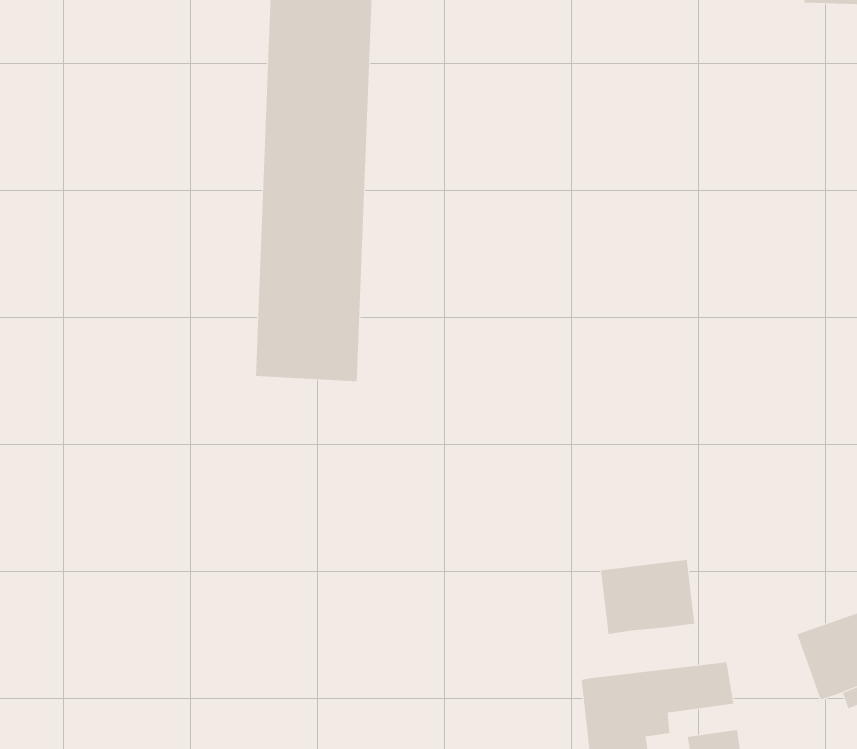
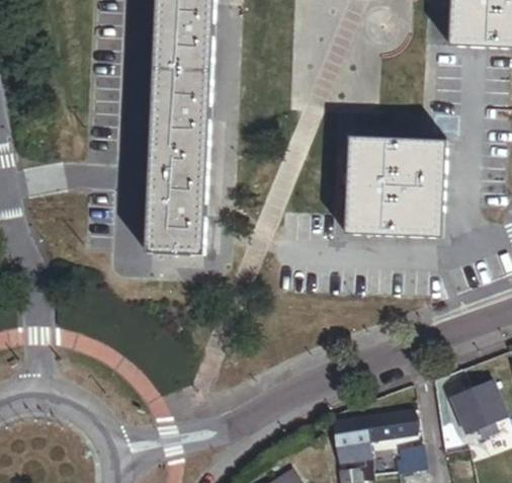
building: none -> [346,137,445,237]
building: [601,559,695,635] -> none

